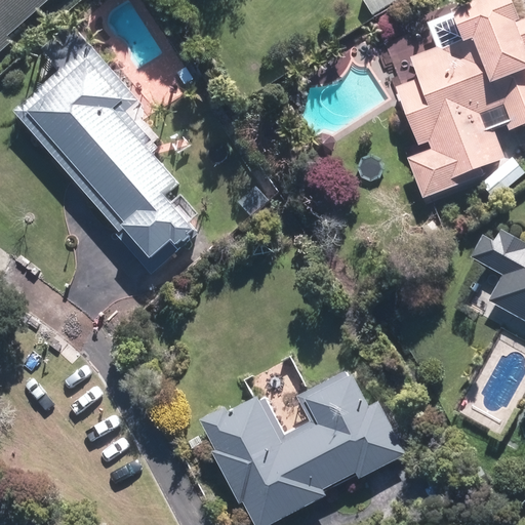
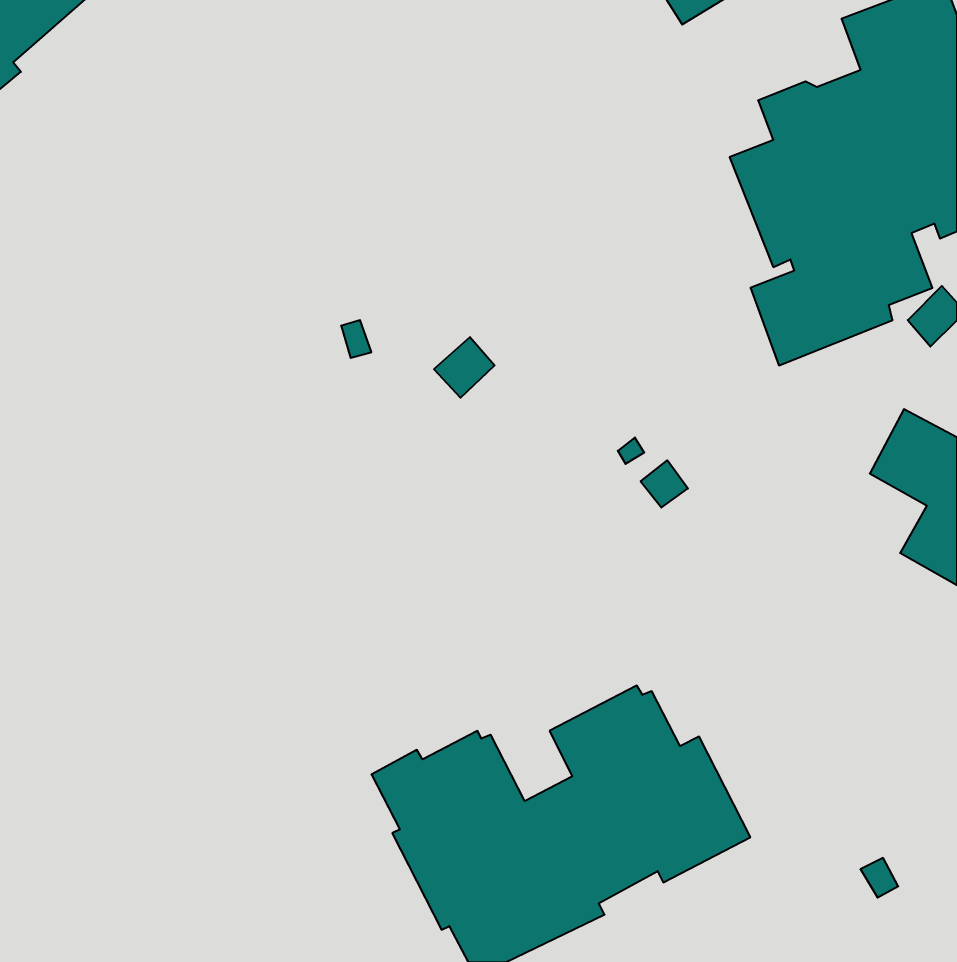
building: [13,43,199,273] -> none

